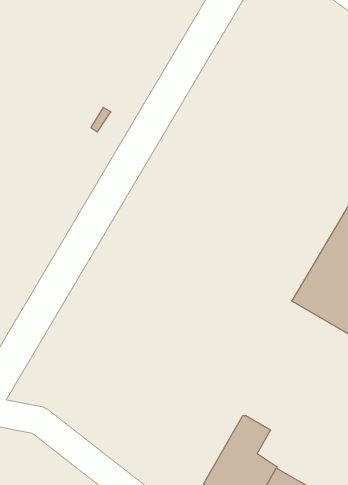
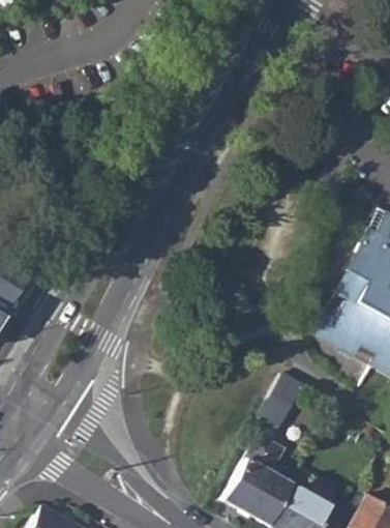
building: none -> [260,371,306,427]

